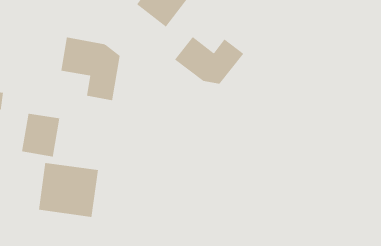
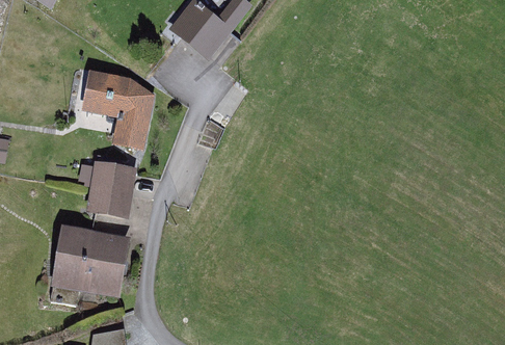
building: [174,36,244,85] -> none
building: [21,113,60,157] -> [85,163,134,218]

